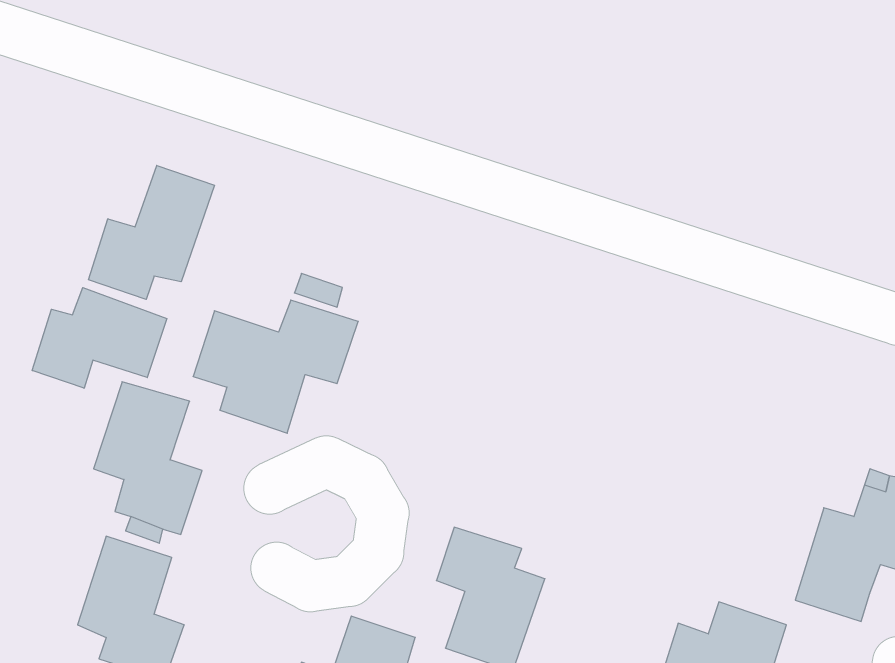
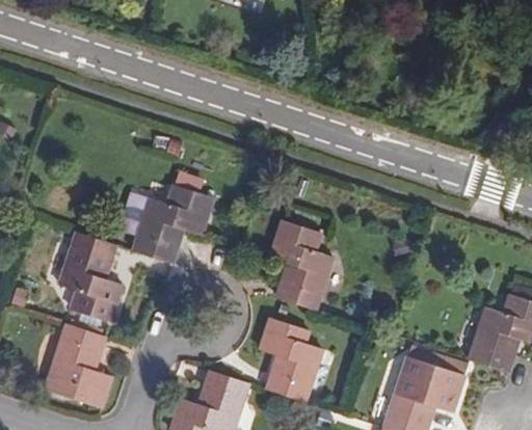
building: [89,165,214,299] -> none
building: [32,288,167,388] -> none
building: none -> [270,219,331,310]

